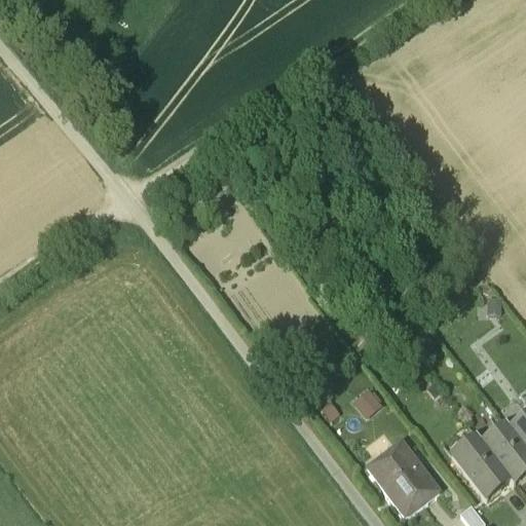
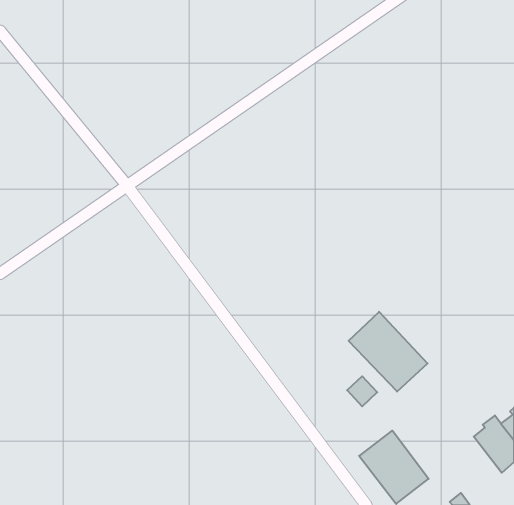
building: none -> [349,312,428,392]
building: [451,436,510,499] -> none

